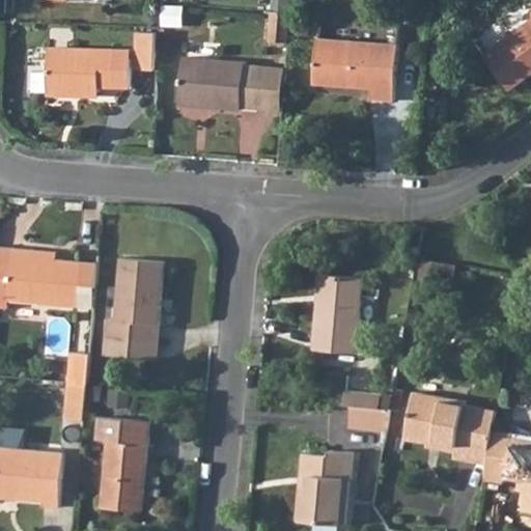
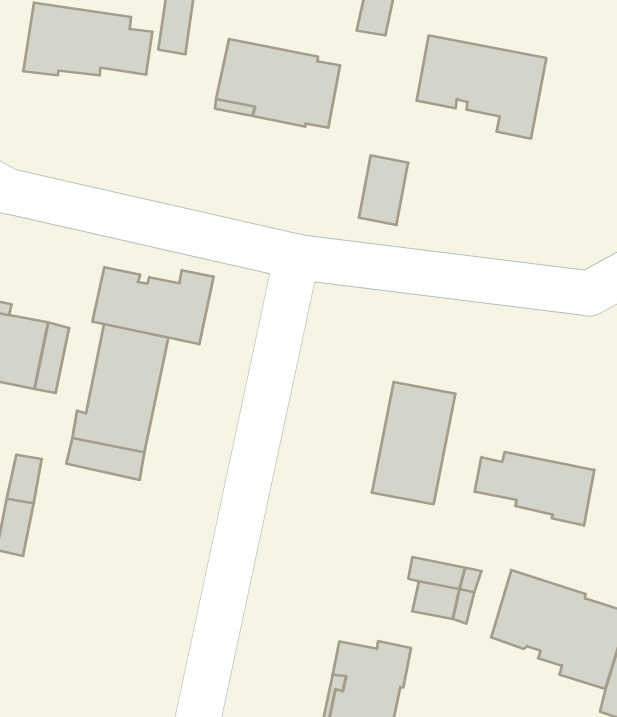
building: [254,66,283,111] -> [359,155,408,225]
building: none -> [93,267,213,344]
building: none -> [475,452,594,526]
building: [95,417,148,511] -> none

